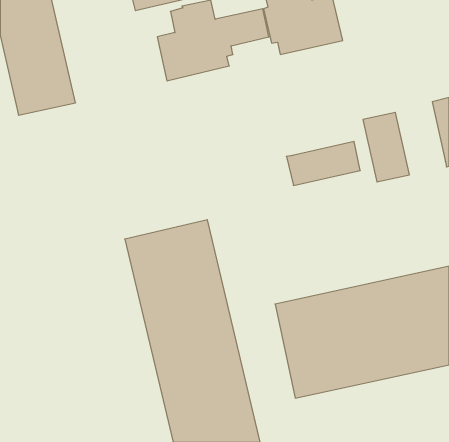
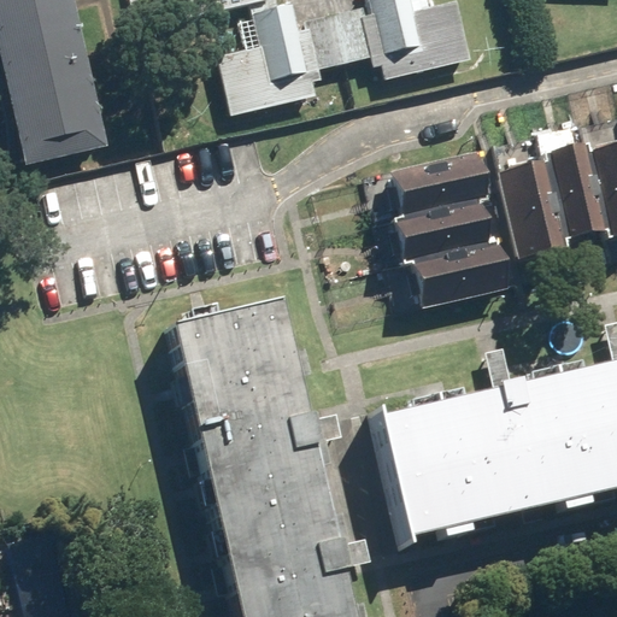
building: none -> [545,135,609,235]
building: none -> [389,140,493,213]
building: none -> [411,231,513,301]

